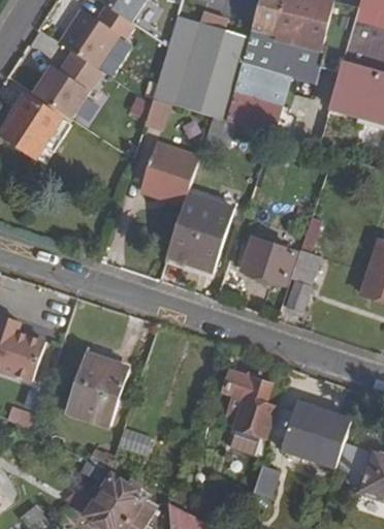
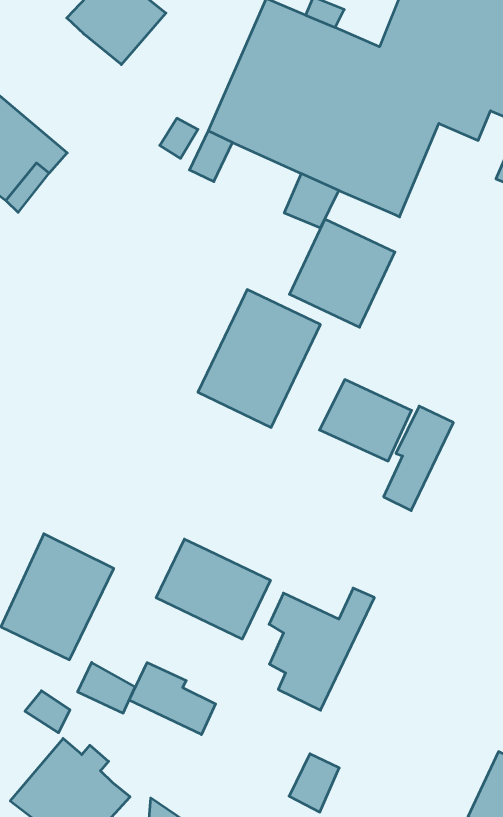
building: [32,52,99,118] -> none
building: [138,143,198,205] -> [289,219,395,327]
building: none -> [156,539,270,639]
building: [281,402,351,467] -> none
building: none -> [129,663,216,735]

